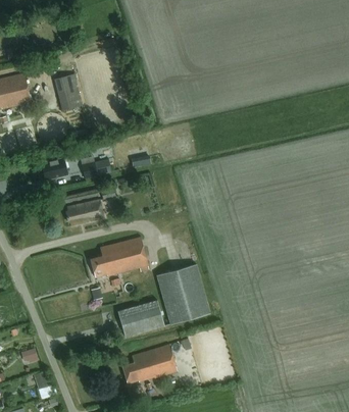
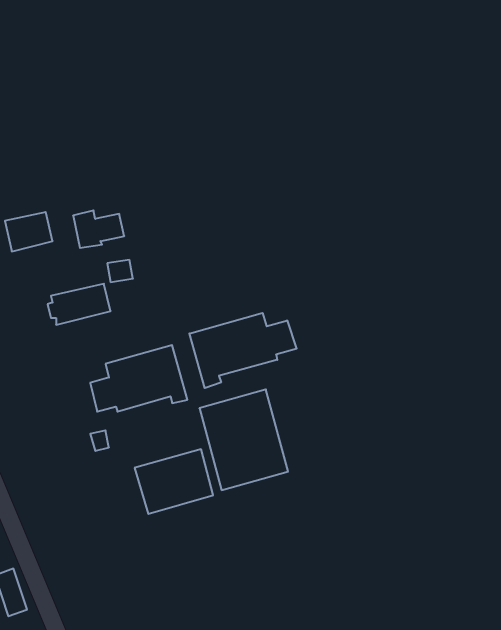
building: [54,73,83,110] -> none
building: none -> [189,313,297,388]
building: [122,345,178,382] -> none

